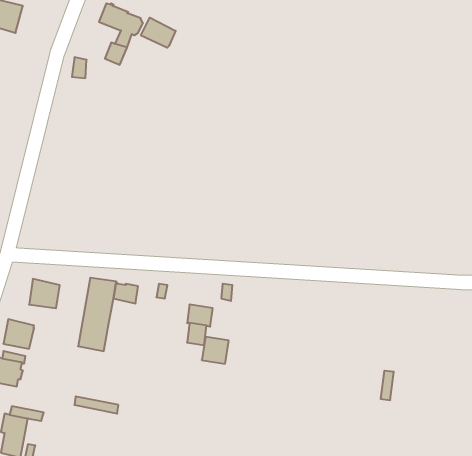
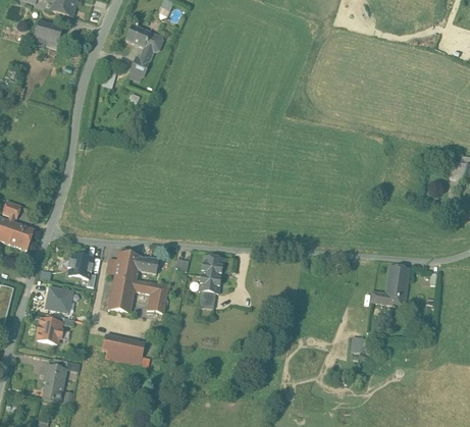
building: [141,18,176,48] -> none
building: none -> [371,265,409,306]
building: none -> [134,280,168,313]
building: [202,337,229,364] -> [201,256,223,278]
building: none -> [102,335,145,359]

